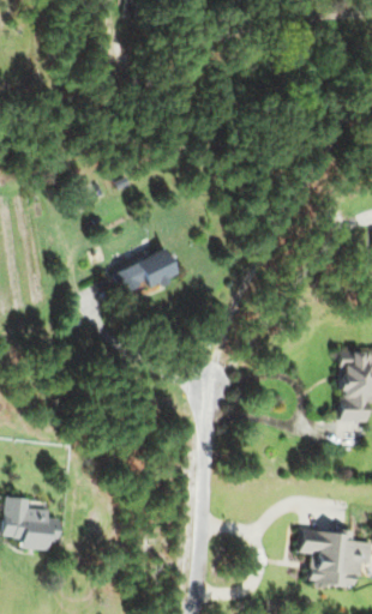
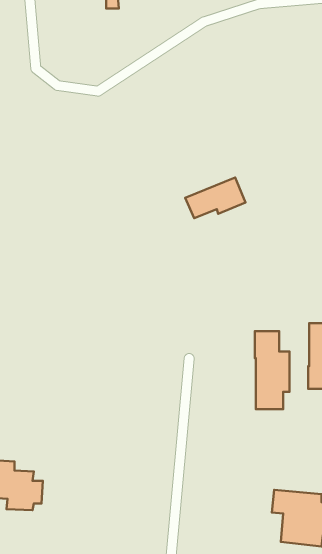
building: [113,249,176,293] -> [185,178,245,218]
building: none -> [255,331,290,409]

